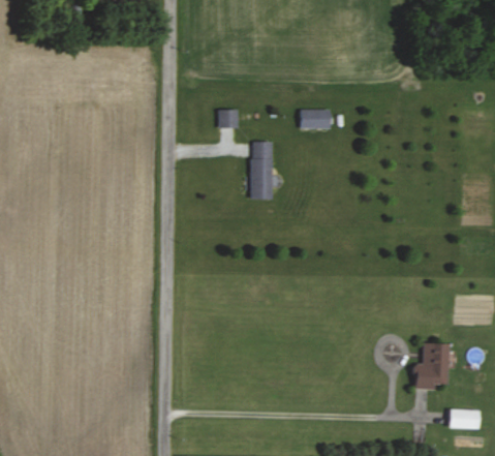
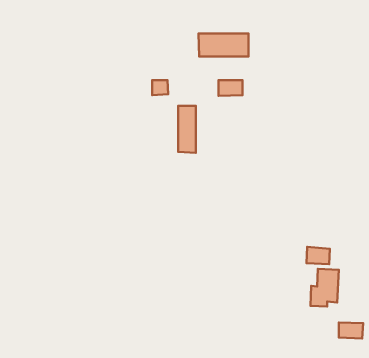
building: none -> [198,34,249,56]
building: none -> [306,247,330,264]

